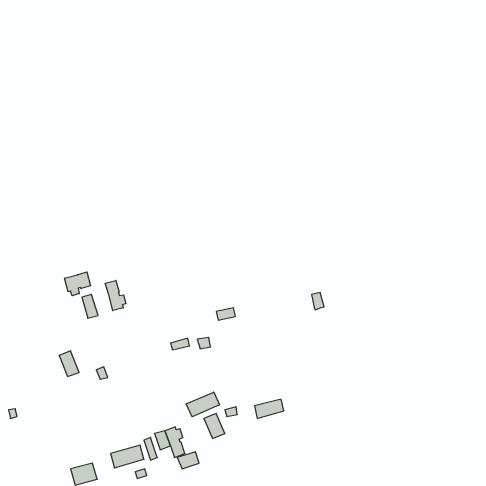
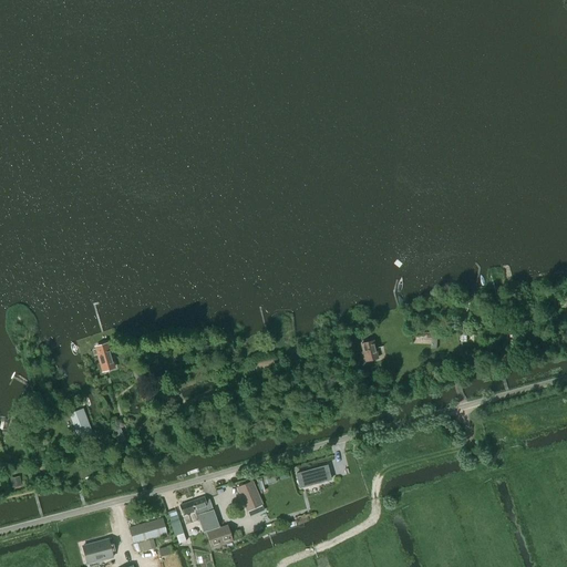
building: [65,272,91,296] -> none
building: [105,280,126,311] -> none
building: [186,392,220,417] -> none

